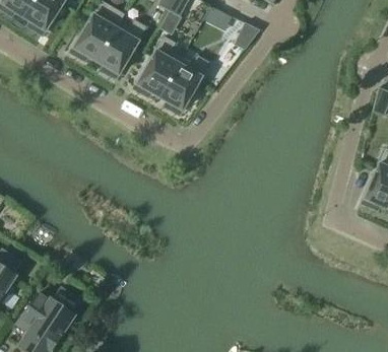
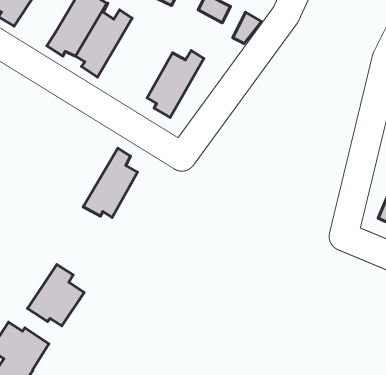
building: [134,37,182,97] -> [83,148,138,217]
building: none -> [28,265,84,326]

